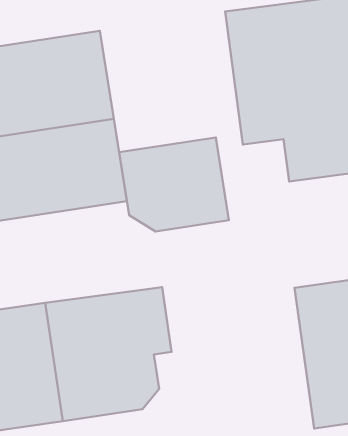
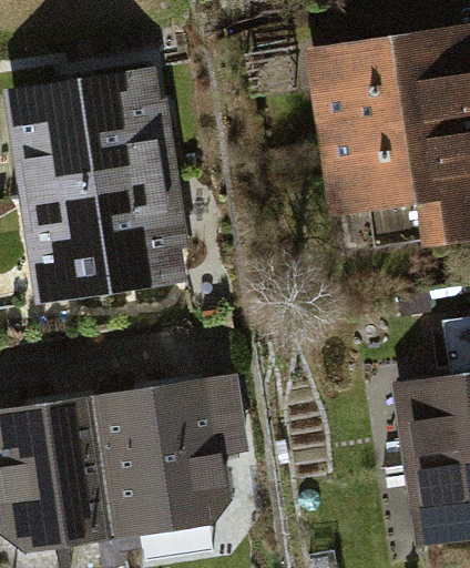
building: [119,137,229,232] -> none

